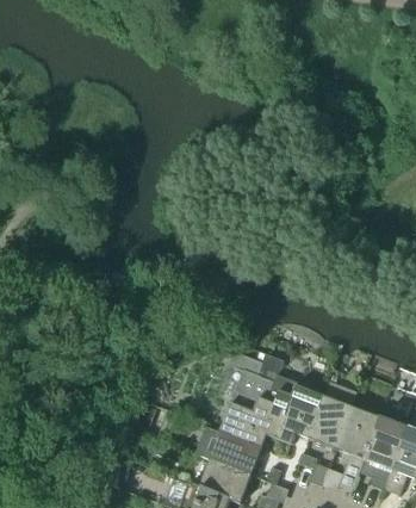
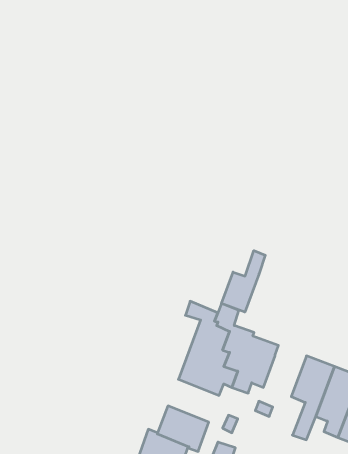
building: none -> [221,251,265,312]
building: [306,395,350,447] -> none
building: [209,429,261,473] -> none

